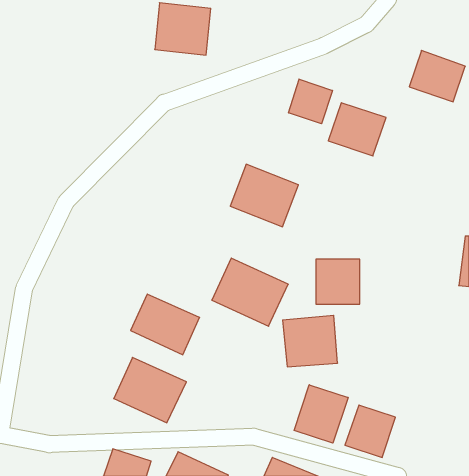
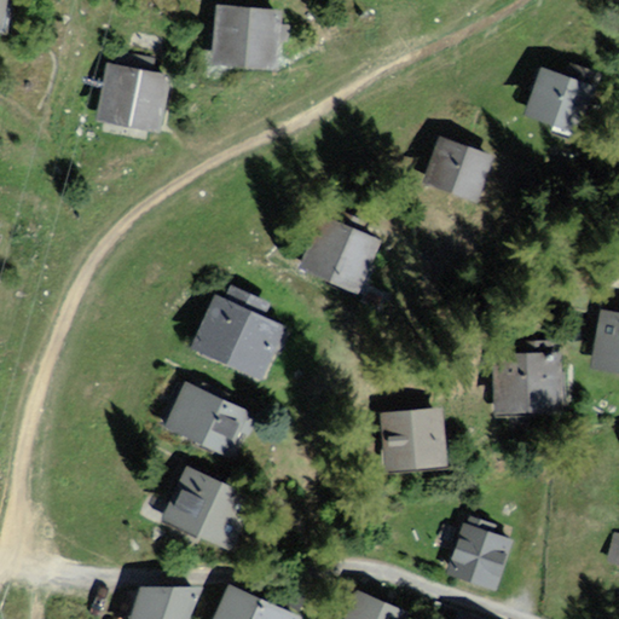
building: none -> [86,62,162,134]
building: [289,79,332,124] -> none
building: [212,258,288,326] -> [193,291,293,380]
building: [316,259,360,304] -> [497,357,554,415]
building: [294,385,348,443] -> none

